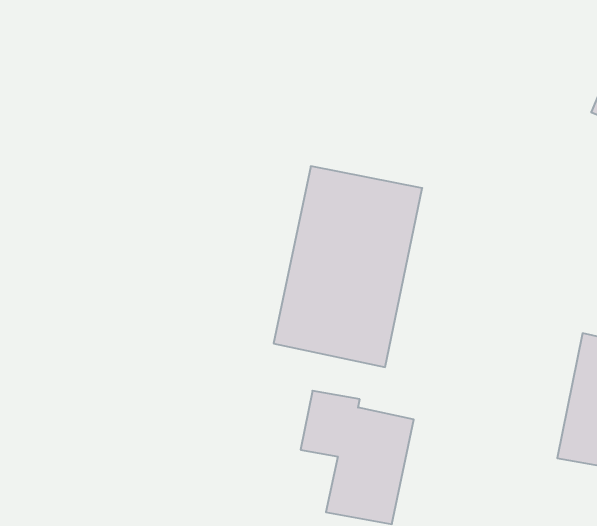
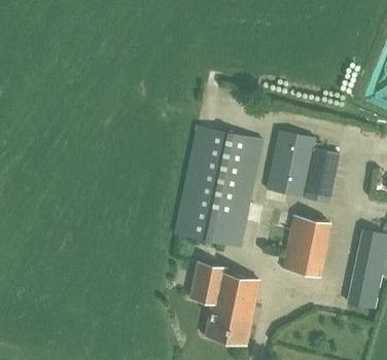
building: none -> [265,131,340,204]
building: none -> [281,215,331,278]

